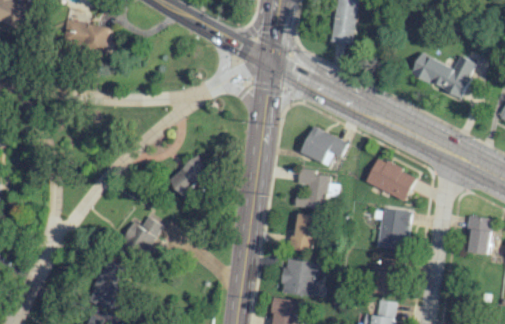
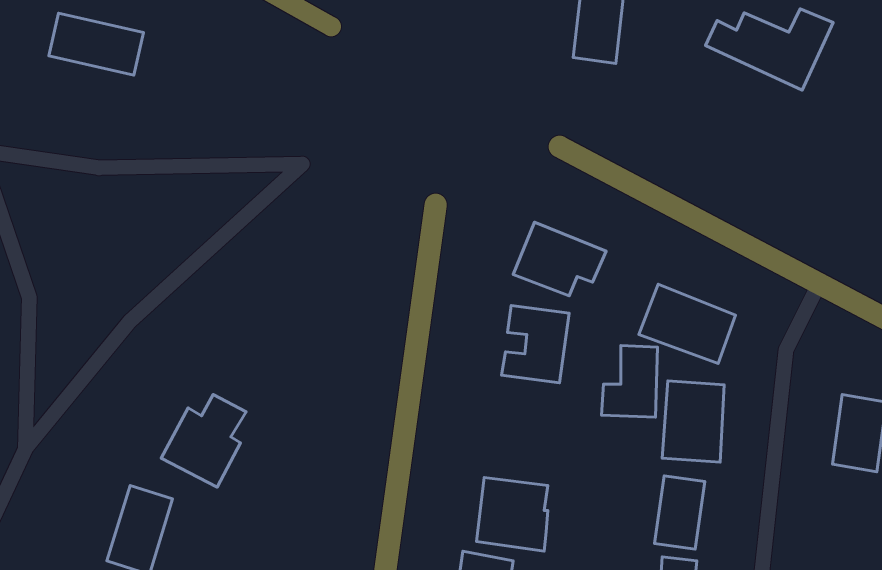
building: [411,55,477,97] -> [705,9,833,90]
building: [167,155,211,197] -> none
building: [285,213,314,250] -> [601,345,658,417]

